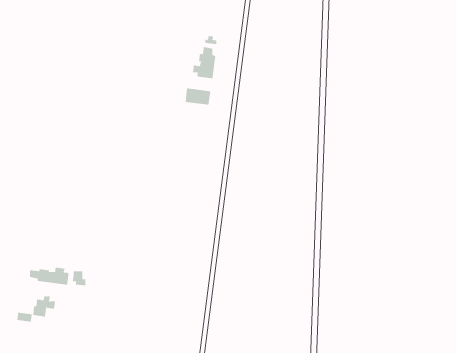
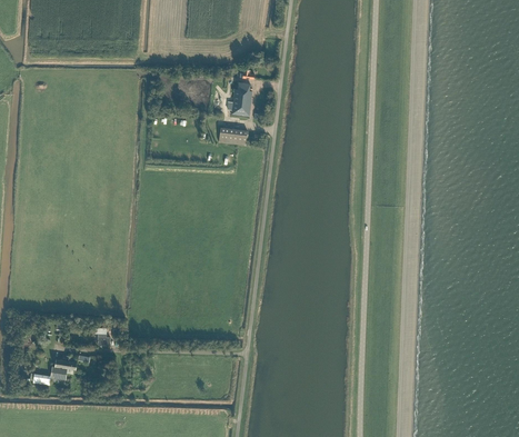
building: [29,267,69,285] -> none

